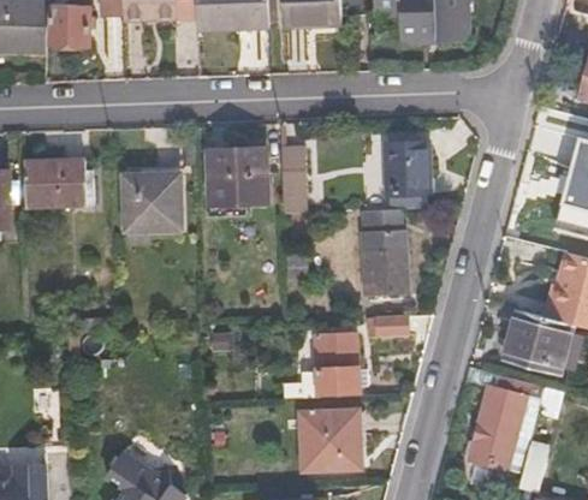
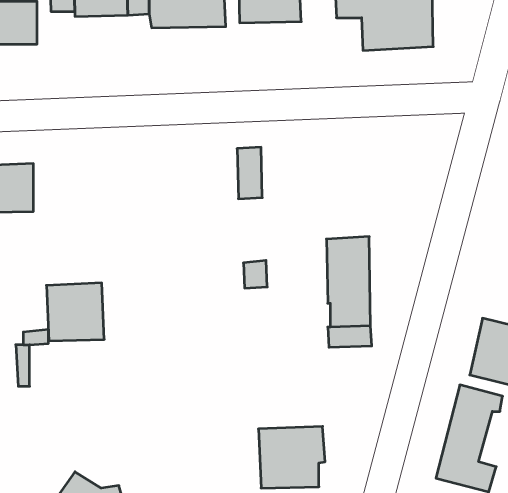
building: [382,142,423,210] -> none
building: [207,148,268,204] -> none
building: [123,177,178,232] -> [46,283,104,341]
building: [284,333,360,398] -> none

